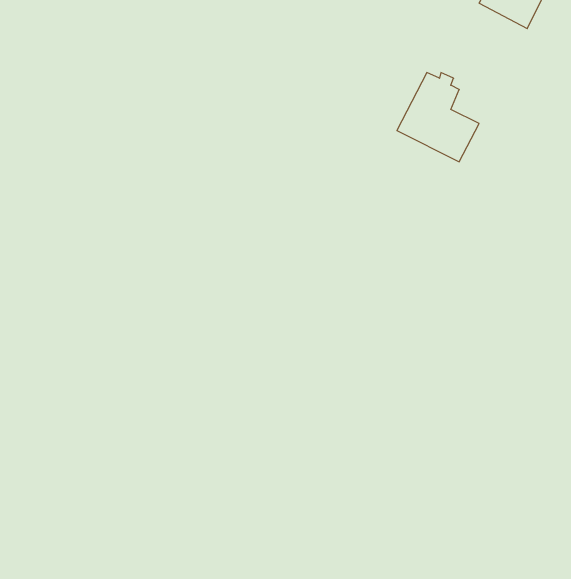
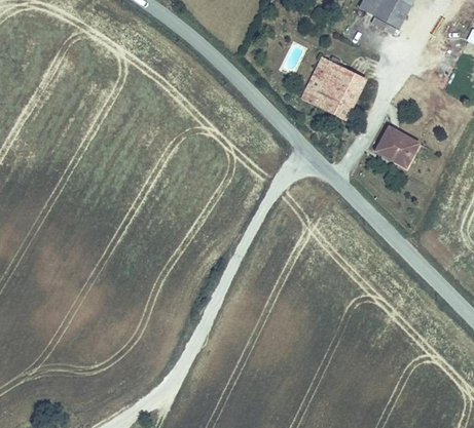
building: none -> [340,68,368,92]
building: none -> [379,131,420,168]

